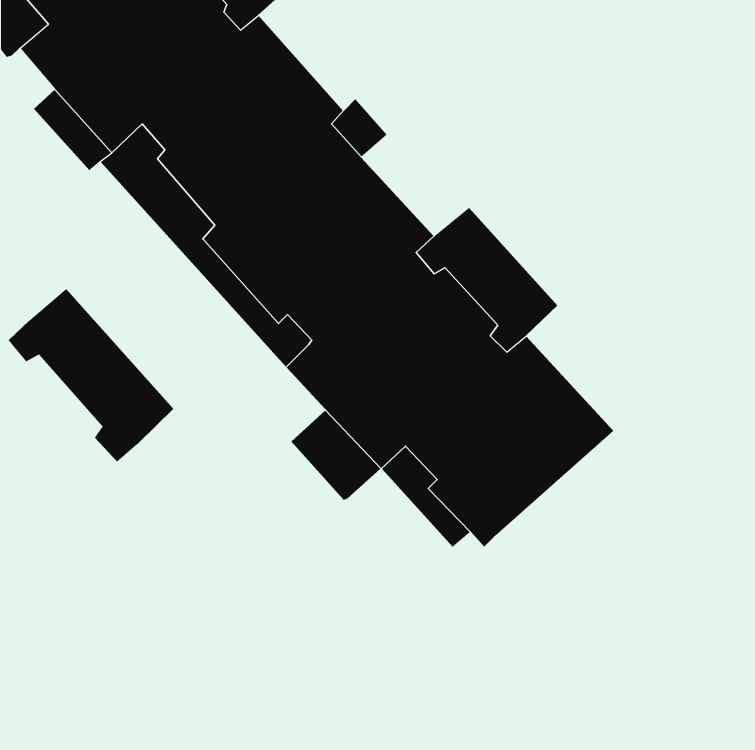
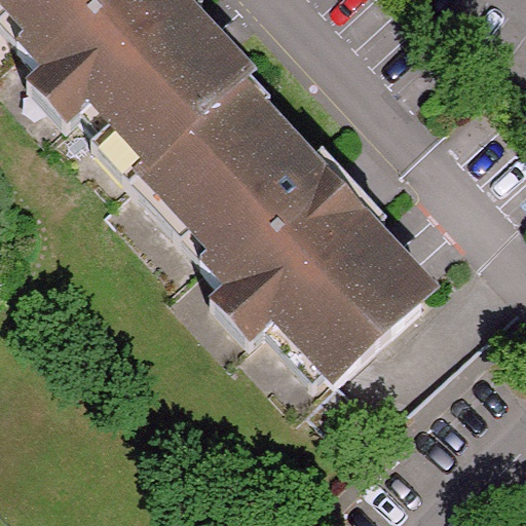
building: [8,288,174,463] -> none

